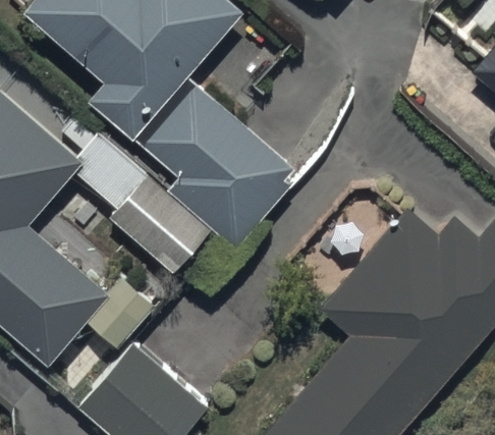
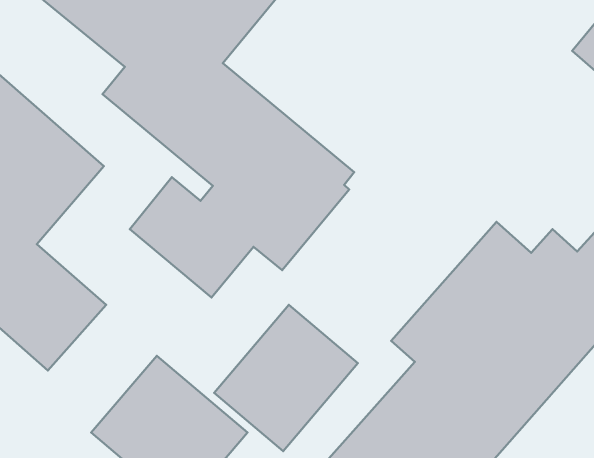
building: none -> [214,305,358,451]

